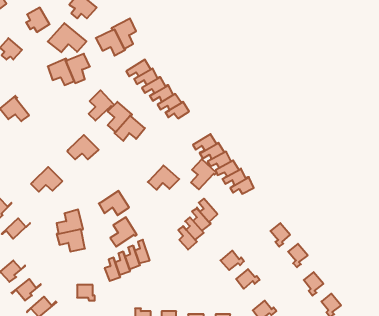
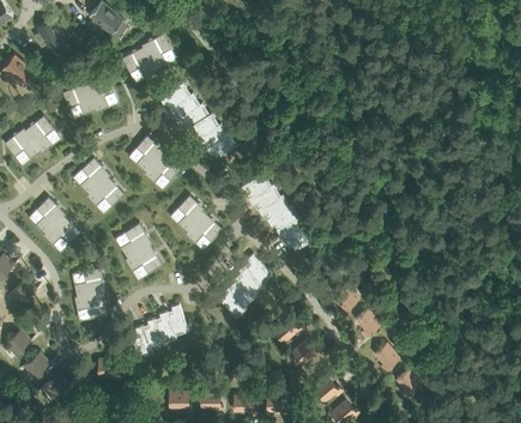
building: [48,23,86,52] -> none
building: none -> [23,116,54,153]
building: [89,90,114,121] -> [79,157,110,194]
building: none -> [35,198,66,234]
building: [191,159,216,189] -> [176,195,207,232]
building: [110,217,137,247] -> [120,223,152,259]

